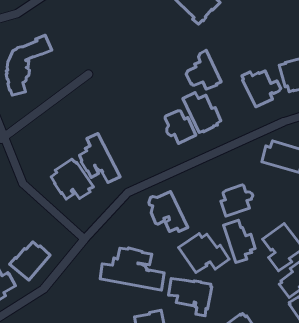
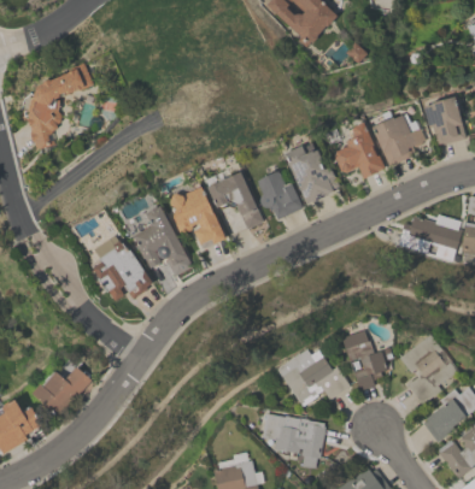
building: [186,50,221,89] -> [334,122,385,178]
building: none -> [207,172,264,229]
building: [221,185,253,216] -> none
building: [149,192,188,232] -> [170,187,227,244]
building: [100,248,164,290] -> none

